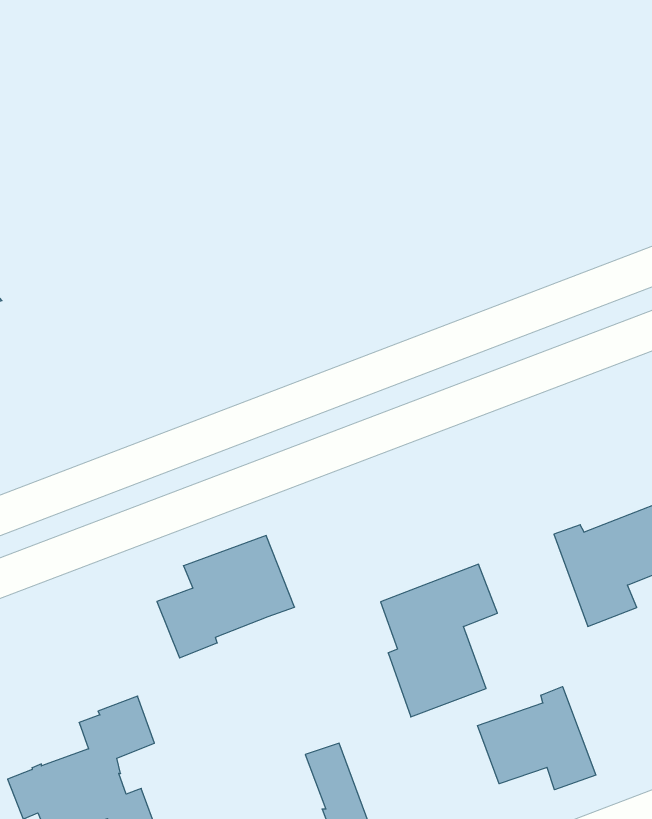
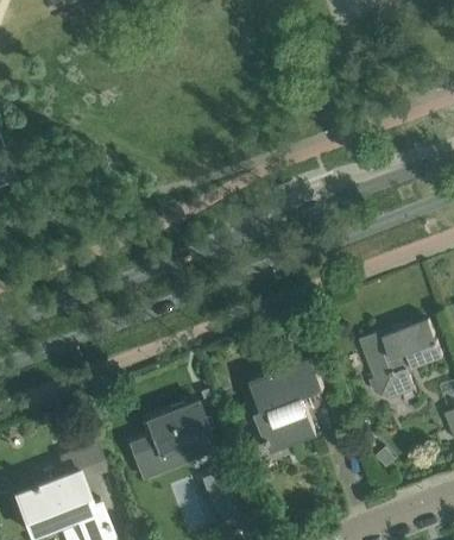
building: [157,536,295,658] -> [128,402,215,479]
building: [478,687,596,790] -> none

